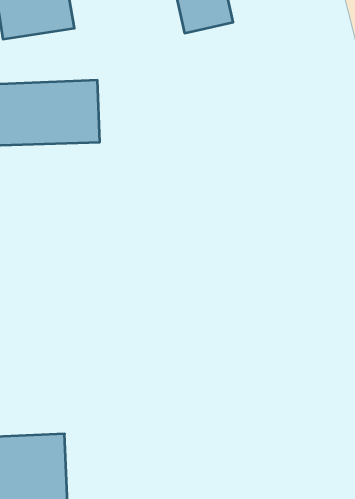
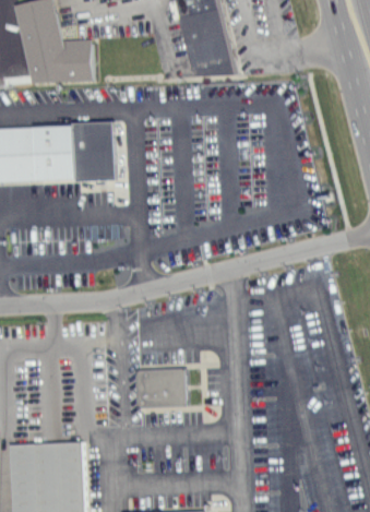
building: none -> [133,369,183,408]

